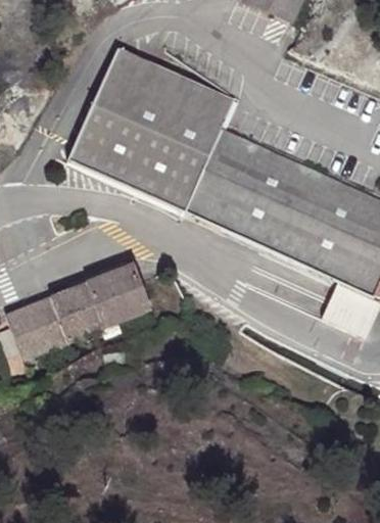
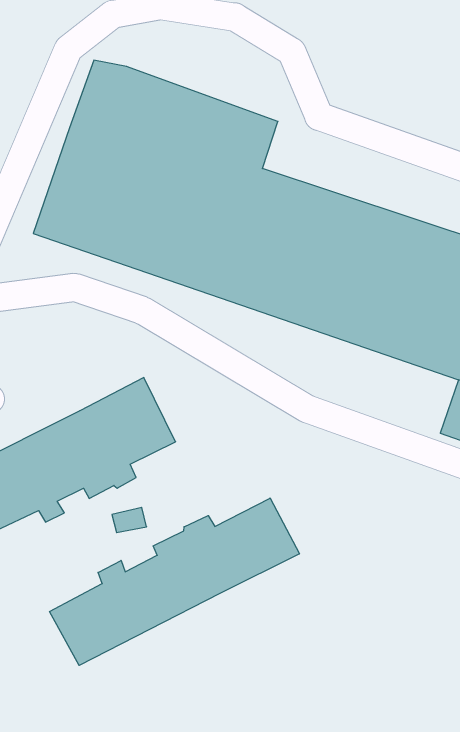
building: none -> [50,498,299,665]

